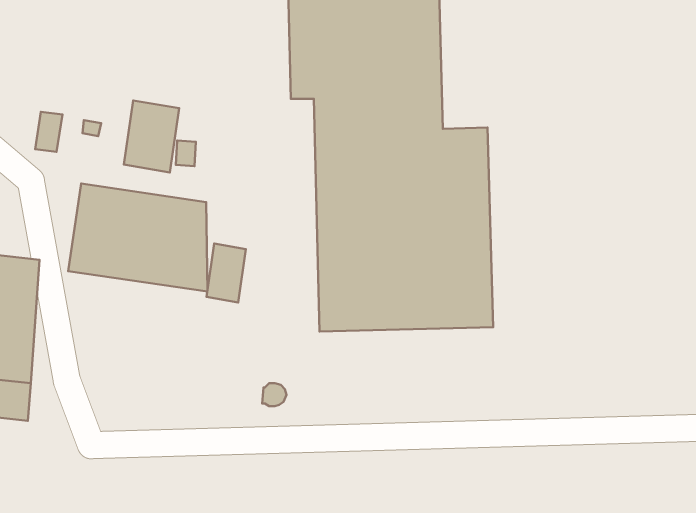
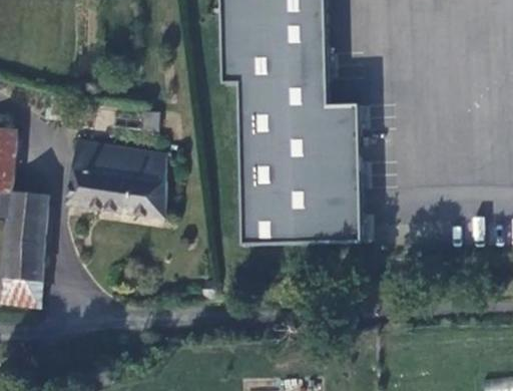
building: [124,100,179,172] -> none
building: [207,244,246,303] -> none

